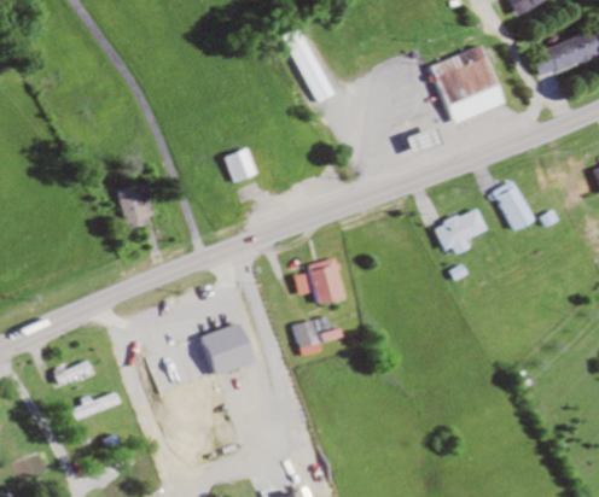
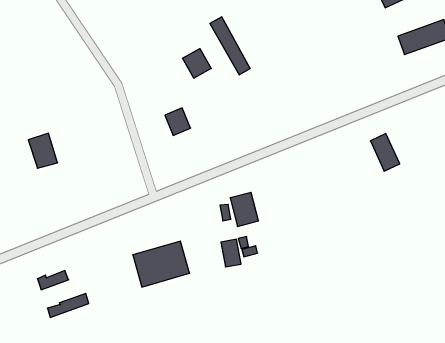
building: [428,46,501,124] -> none
building: none -> [183,49,211,78]
building: [115,182,153,228] -> [28,133,58,168]
building: [435,207,487,257] -> none

